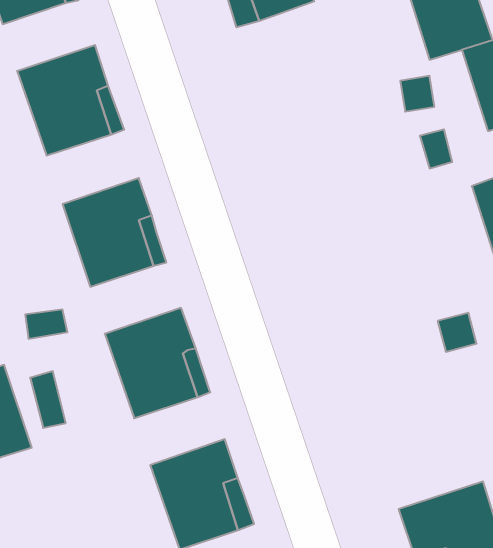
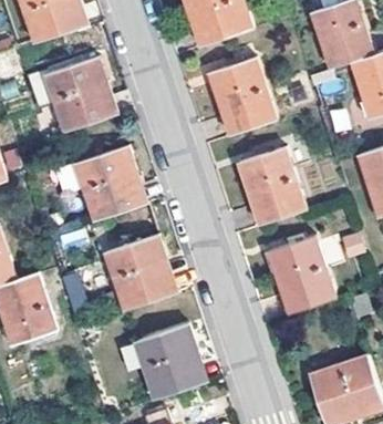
building: none -> [205,54,272,133]
building: none -> [235,144,301,221]
building: none -> [265,232,332,312]

